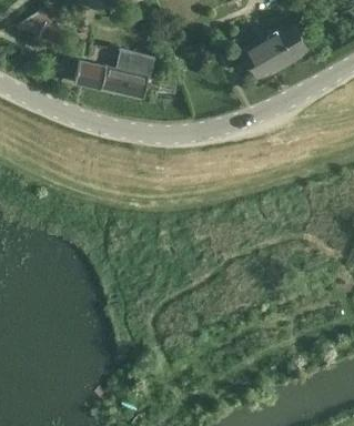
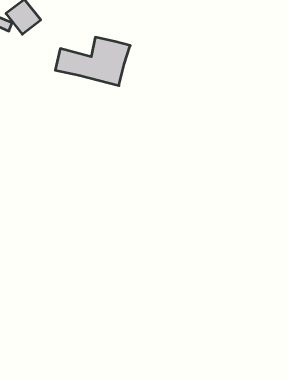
building: [242,20,309,71] -> none

